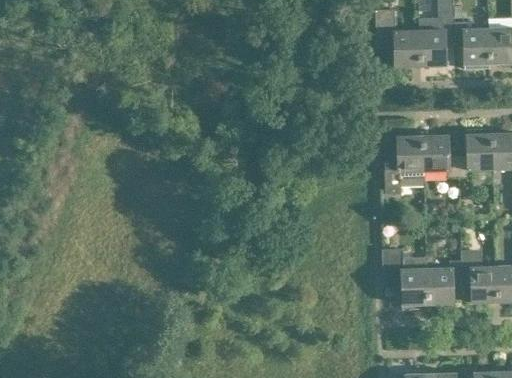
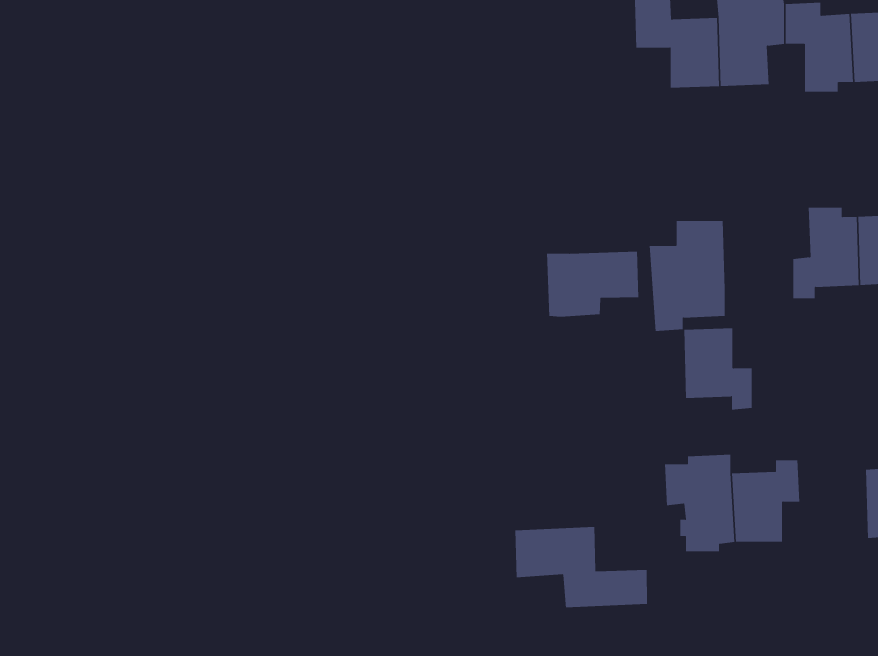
building: [423,134,459,177] -> [683,328,752,410]
building: none -> [546,251,639,317]
building: [462,259,498,302] -> none
building: none -> [515,526,648,608]

